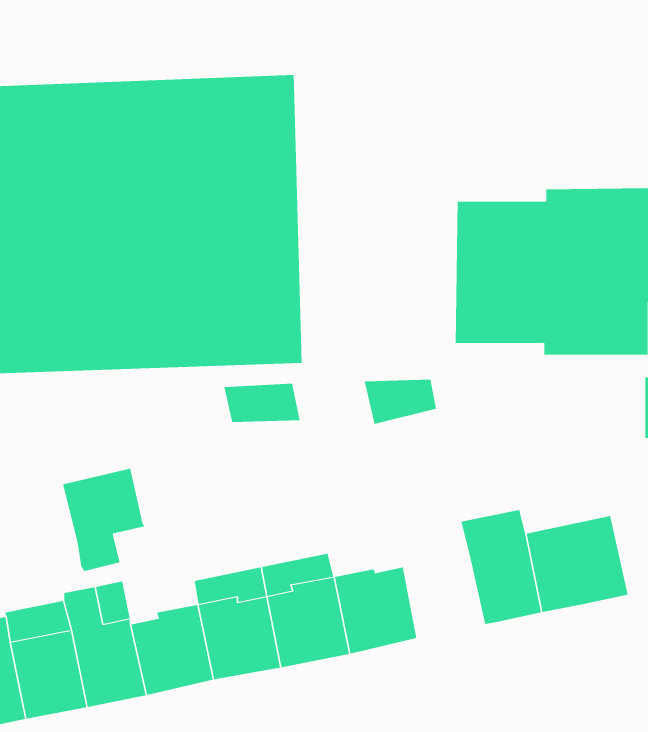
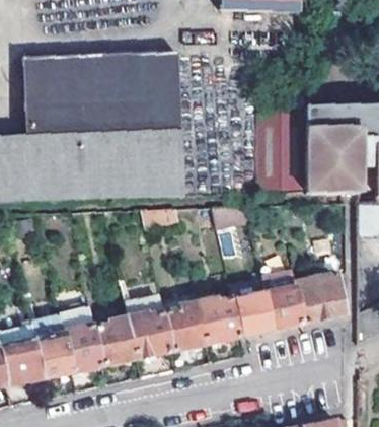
building: [63,468,145,572] -> none
building: none -> [234,293,276,337]

